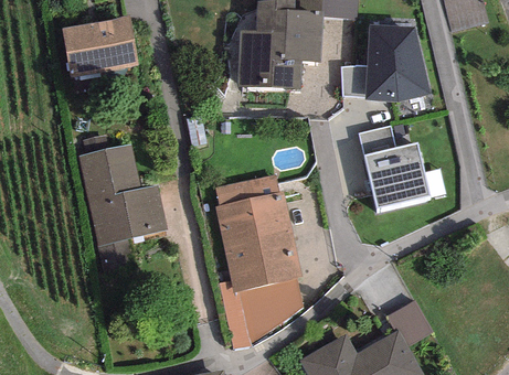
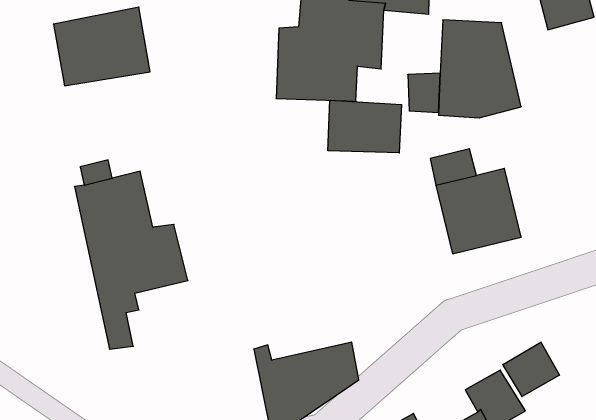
building: none -> [328,100,402,153]
building: [215,175,303,292] -> none
building: none -> [503,342,559,397]

